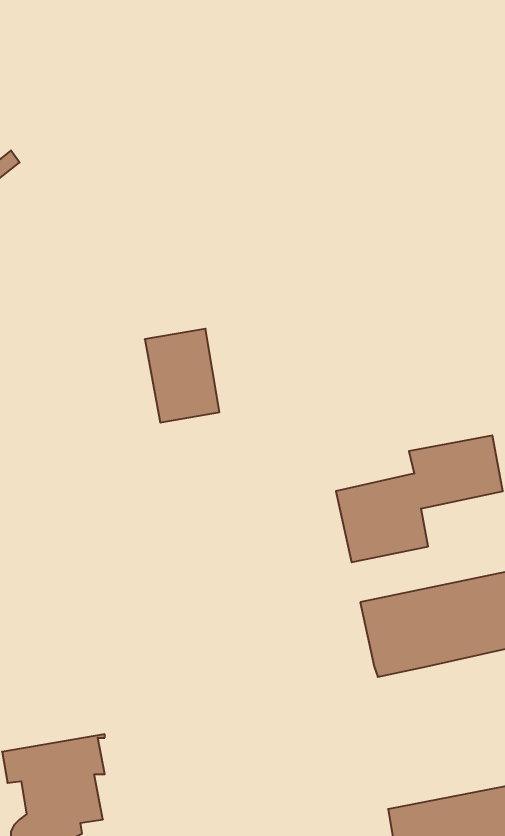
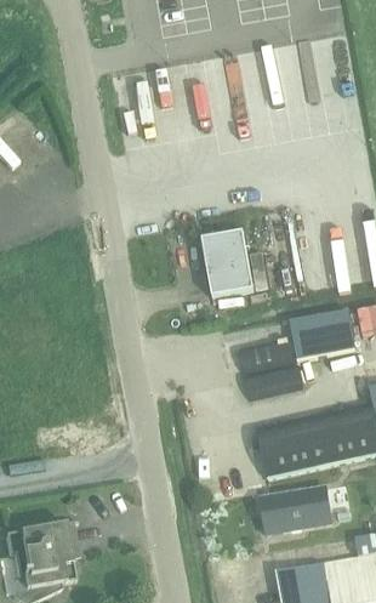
building: [145,329,219,423] -> [201,232,253,297]
building: none -> [260,487,332,535]

